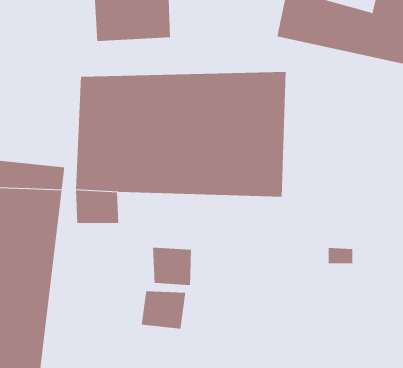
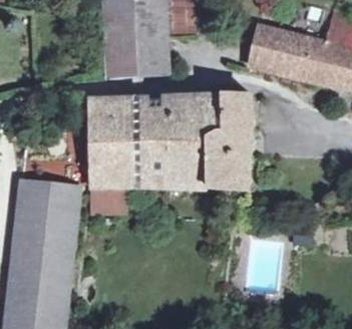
building: [152,247,192,286] -> none
building: [141,291,186,329] -> none

